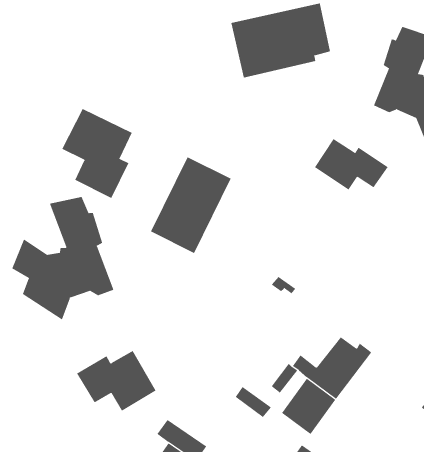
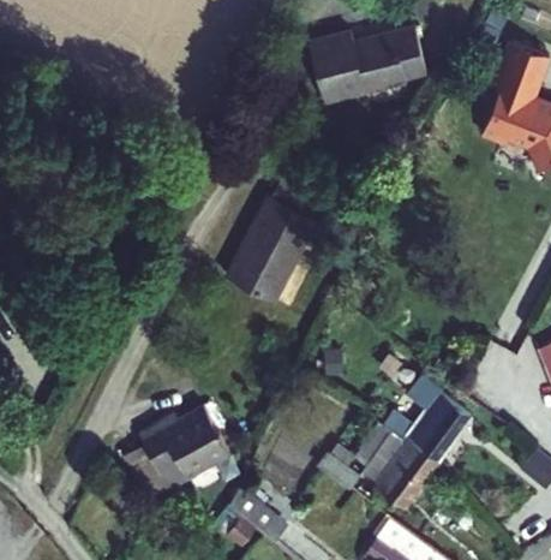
building: [62,108,132,199] -> none
building: [314,138,389,191] -> none
building: [12,196,114,321] -> none

